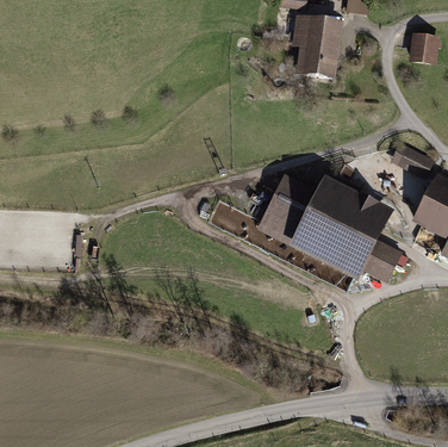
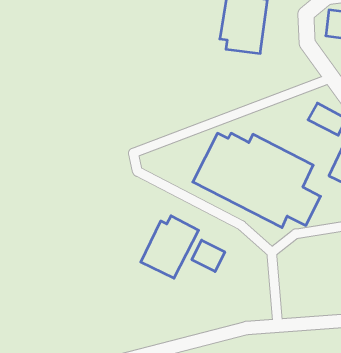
building: none -> [141,216,199,278]
building: none -> [192,240,225,272]

